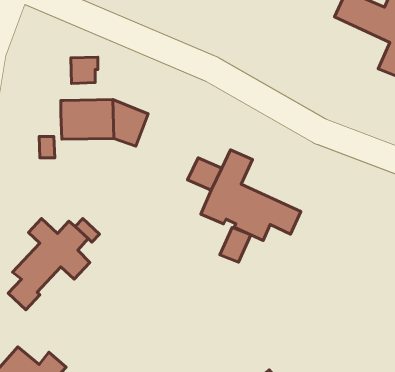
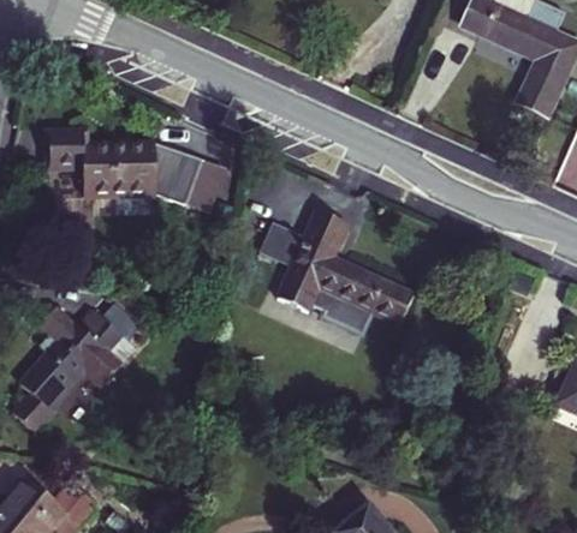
building: [71,57,98,83] -> [53,126,90,162]
building: none -> [189,161,228,214]
building: [220,227,251,262] -> none

